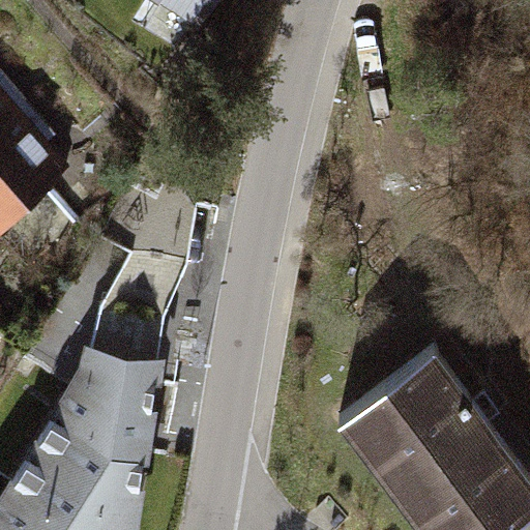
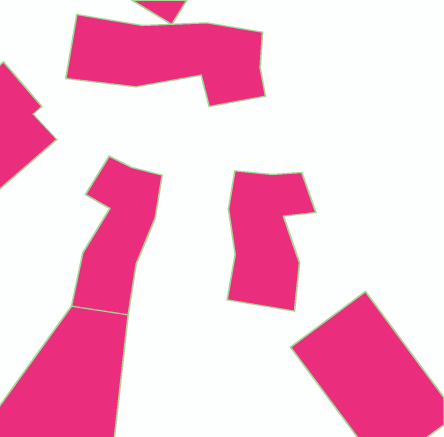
building: none -> [66,14,266,107]
building: none -> [227,171,316,311]

